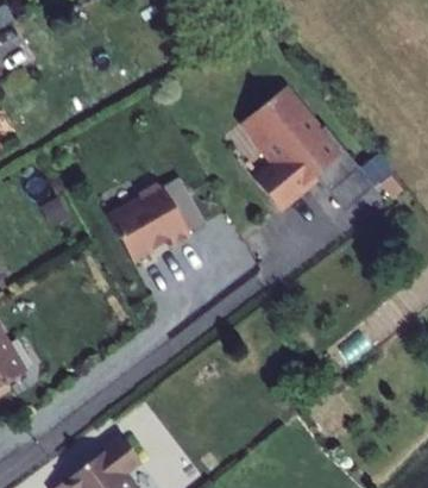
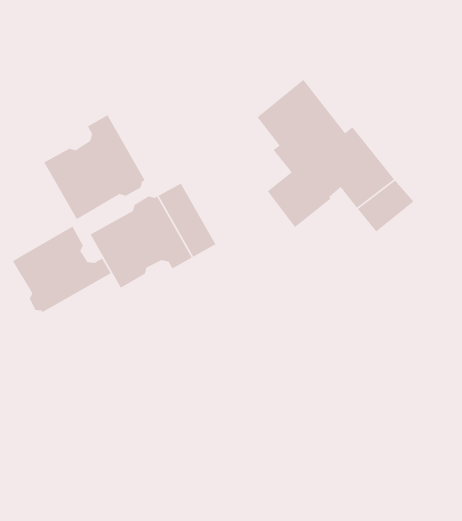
building: none -> [43,114,146,220]
building: none -> [12,226,112,313]

